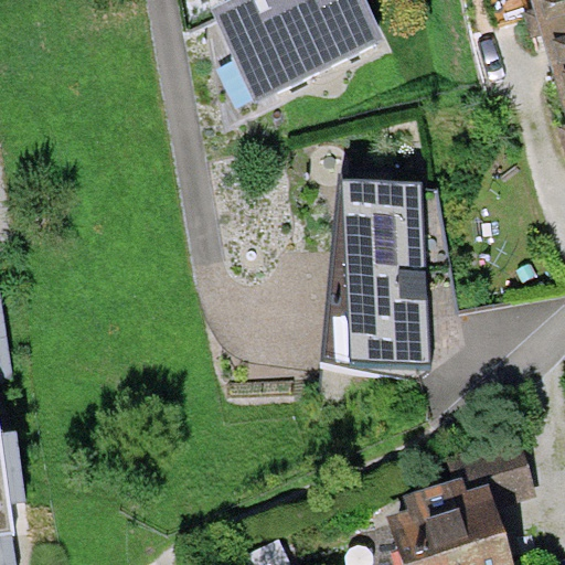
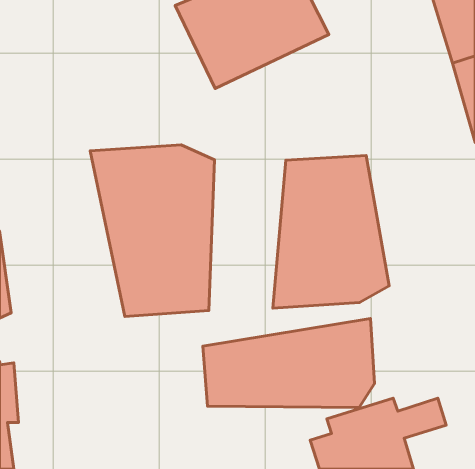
building: none -> [90,145,215,317]
building: none -> [203,318,375,408]

